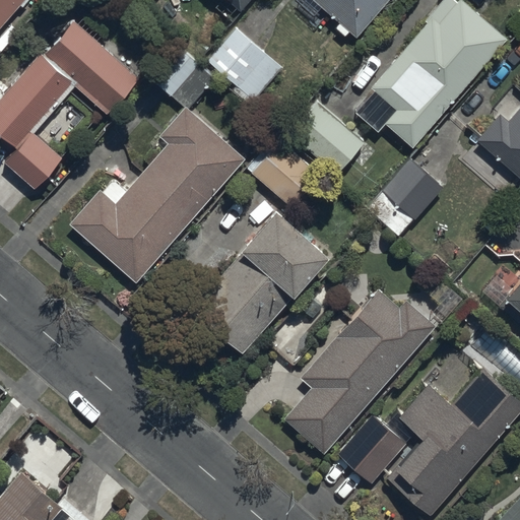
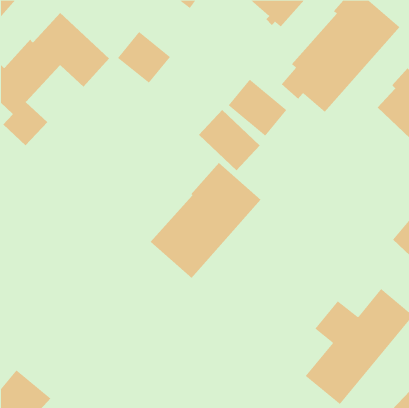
building: [206,27,281,106] -> none
building: [71,108,245,282] -> none
building: [365,158,443,239] -> none
building: [284,288,436,455] -> none
building: [337,415,406,484] -> none

